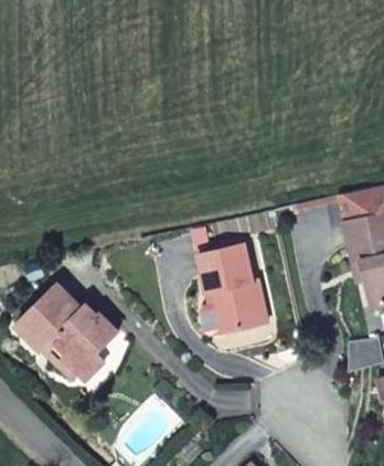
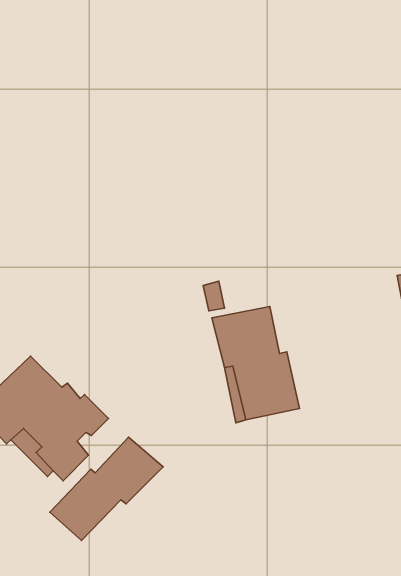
building: none -> [50,437,163,540]

